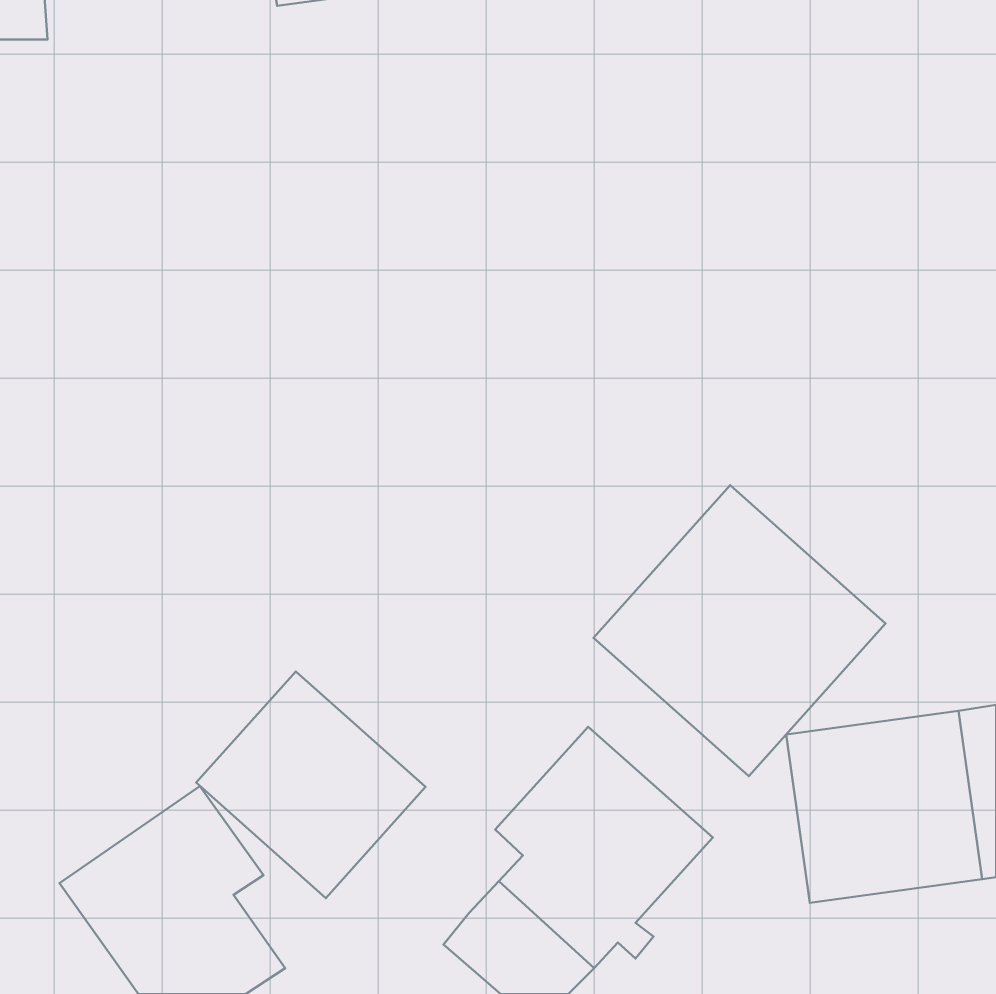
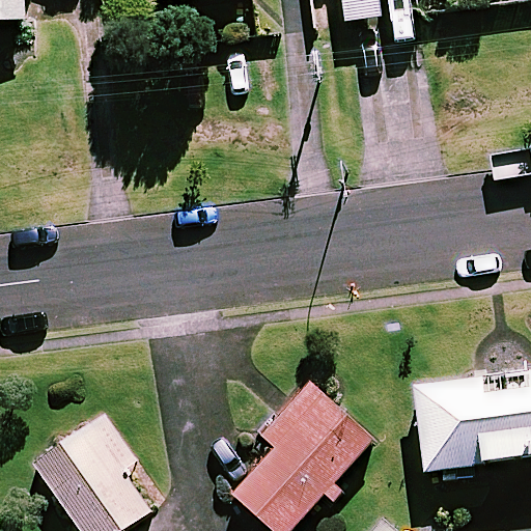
building: [593,485,886,776] -> none
building: [196,671,425,898] -> none

